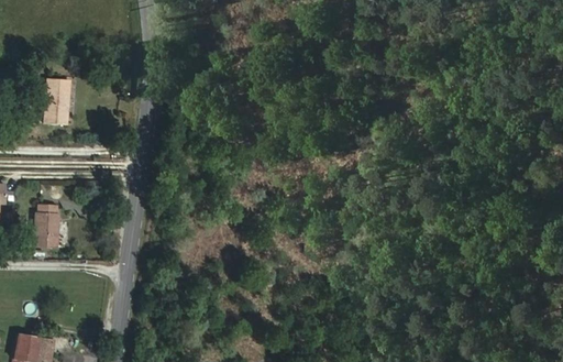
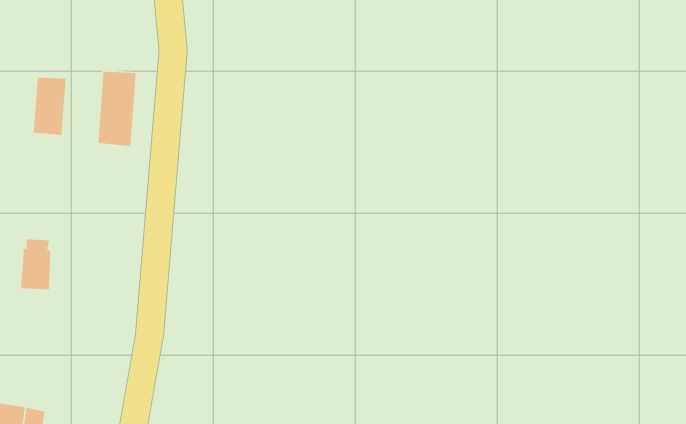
building: none -> [98,71,137,147]

